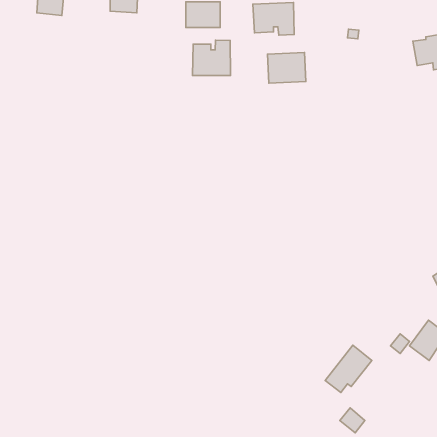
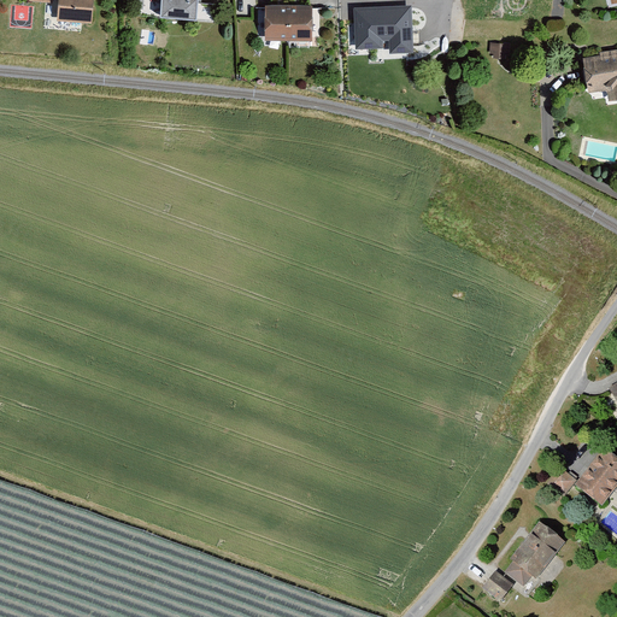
building: [193,40,230,76] -> none
building: [268,52,306,83] -> none
building: [325,345,372,392] -> [501,522,566,588]

